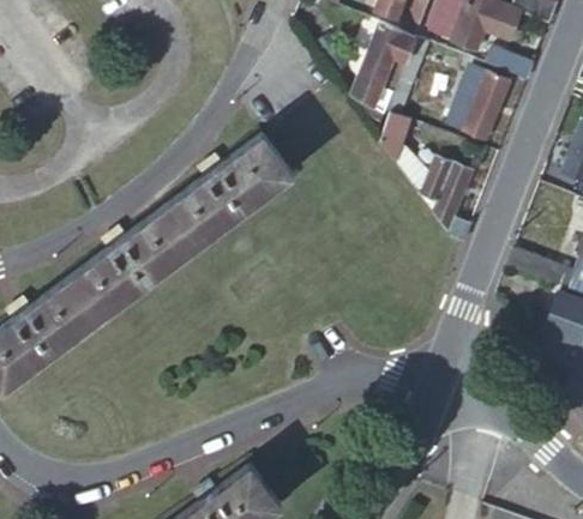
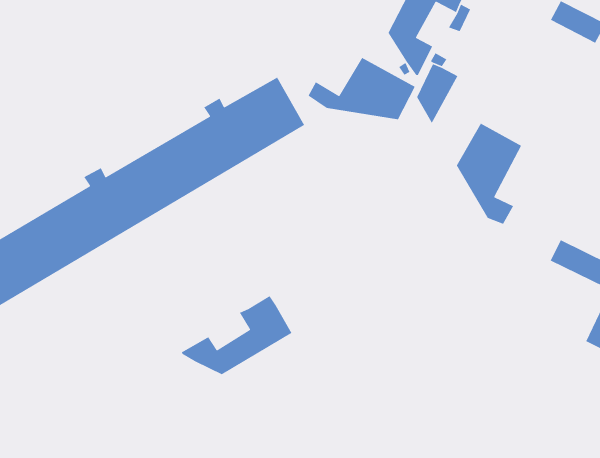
building: [451,70,511,141] -> none
building: none -> [308,57,416,120]
building: none -> [181,295,292,375]

